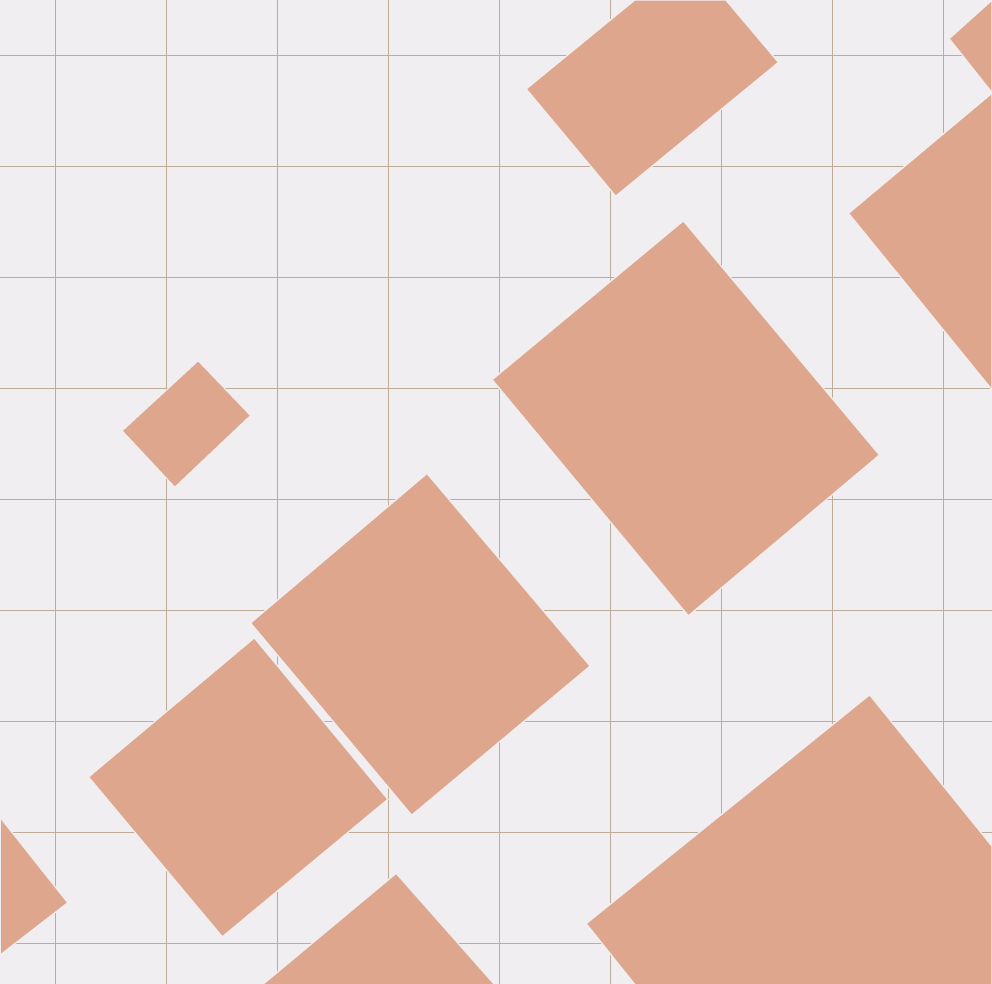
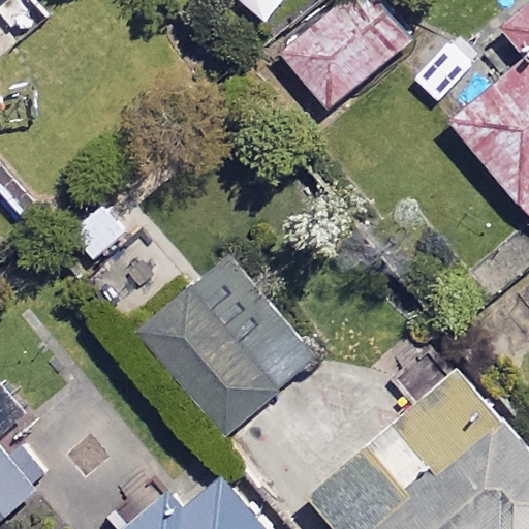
building: [492,221,880,616] -> none
building: [88,638,388,937] -> none

